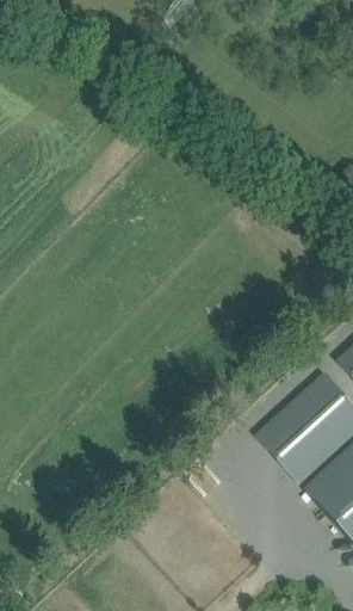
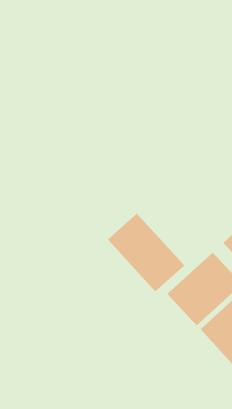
building: none -> [107,213,185,292]

